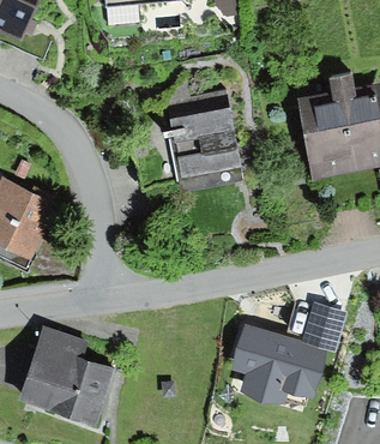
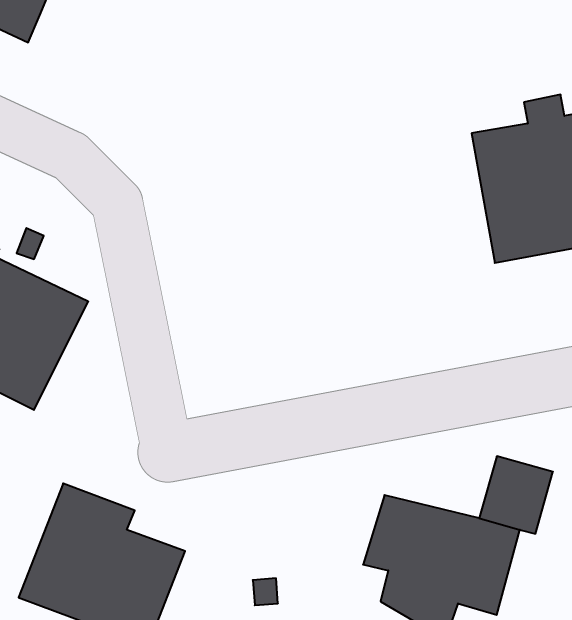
building: [164,77,241,193] -> none

